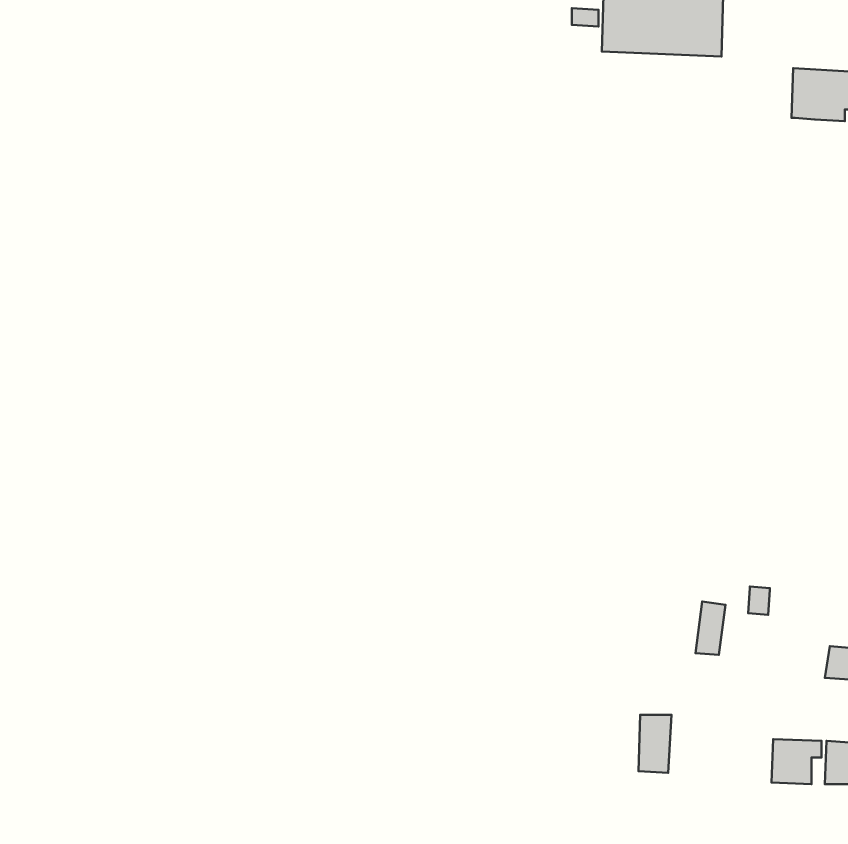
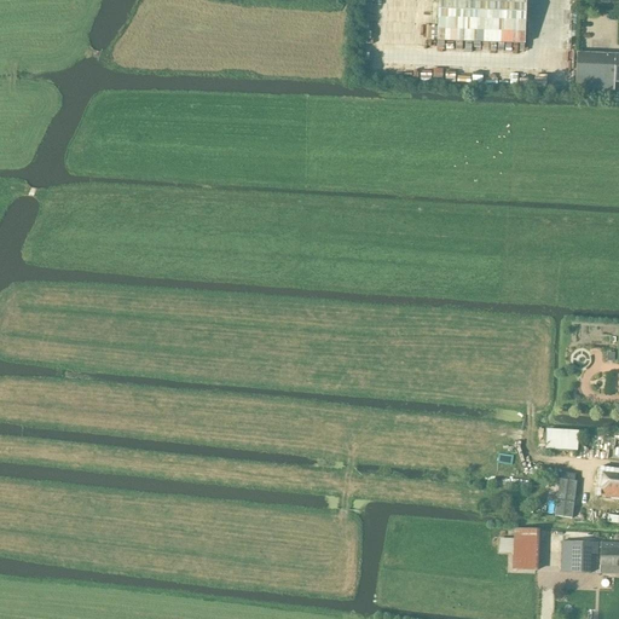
building: [696,602,725,655] -> [556,476,578,515]
building: [638,715,672,773] -> [514,526,538,568]

